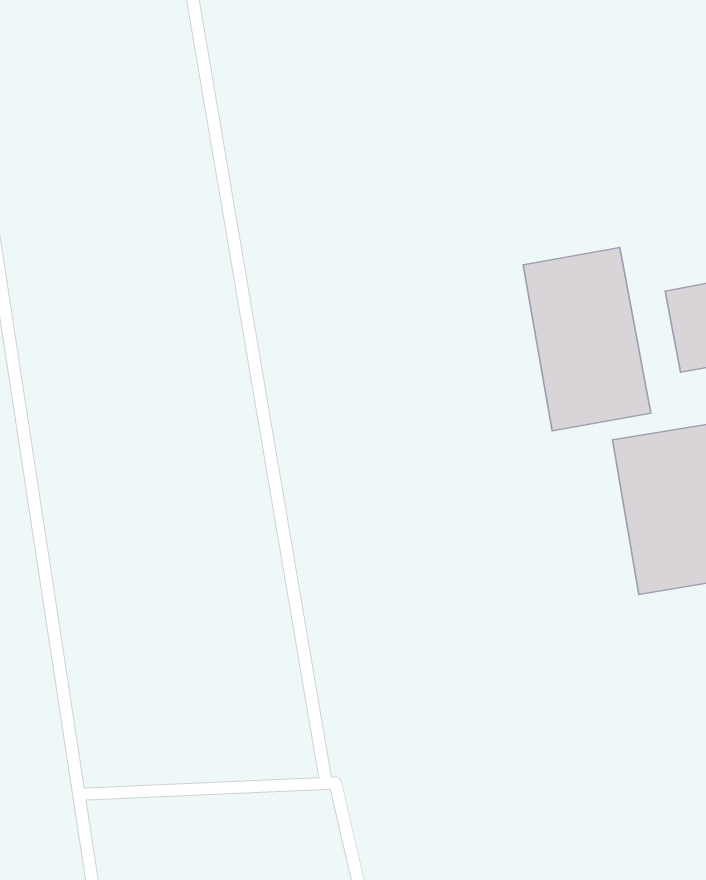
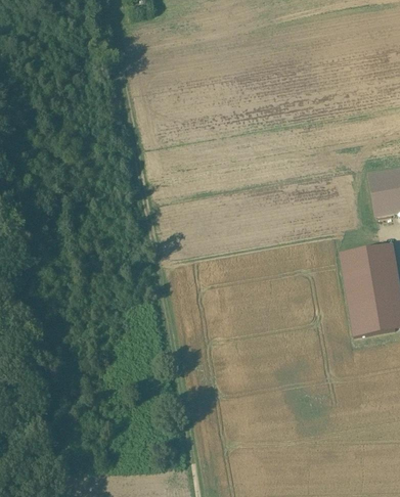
building: [523,248,651,431] -> none

